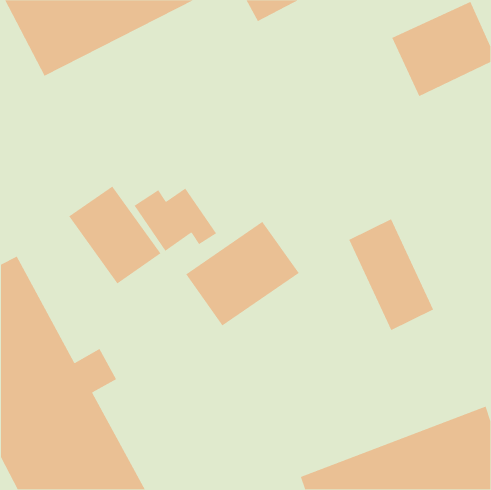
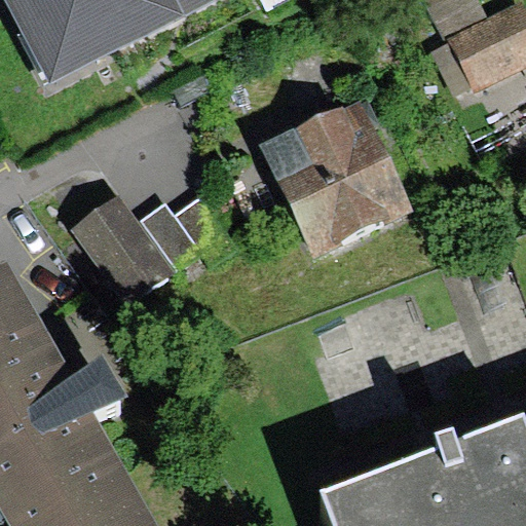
building: none -> [260,99,410,257]
building: [348,218,434,331] -> none
building: [185,221,300,326] -> none

